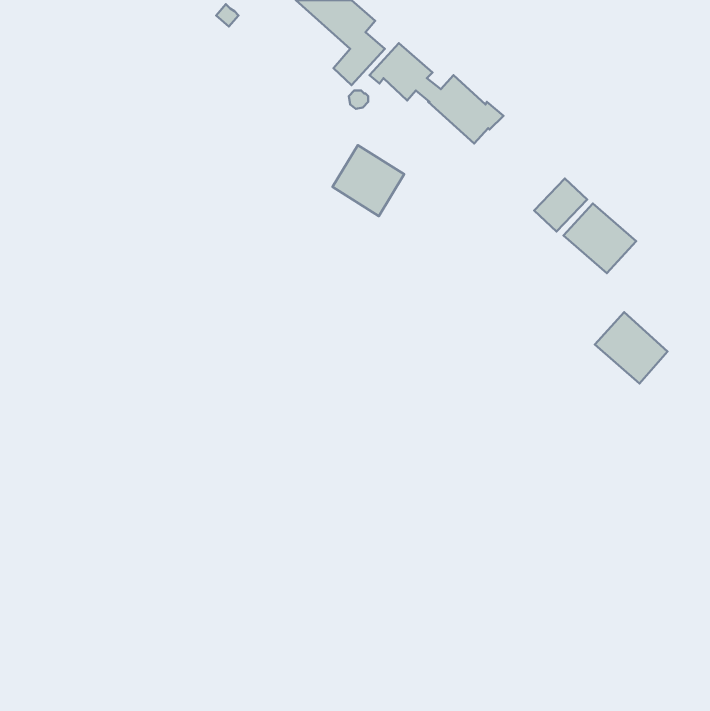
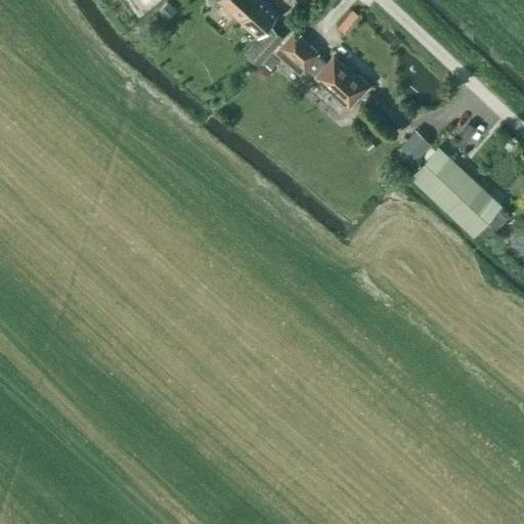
building: [333,145,404,216] -> none
building: [595,312,667,383] -> [447,178,500,230]

